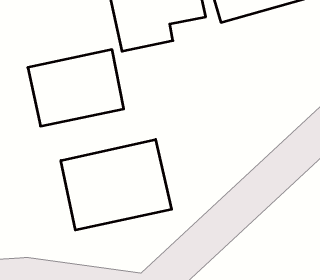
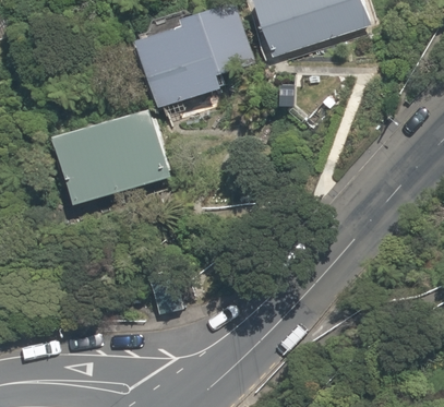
building: [61,139,172,230] -> none

